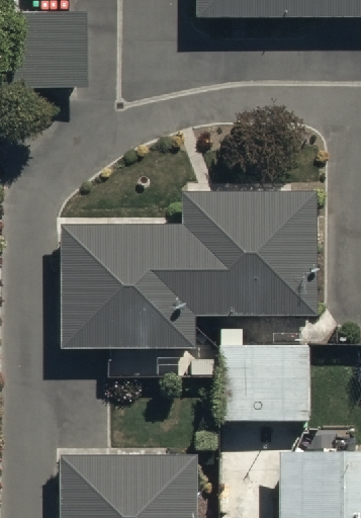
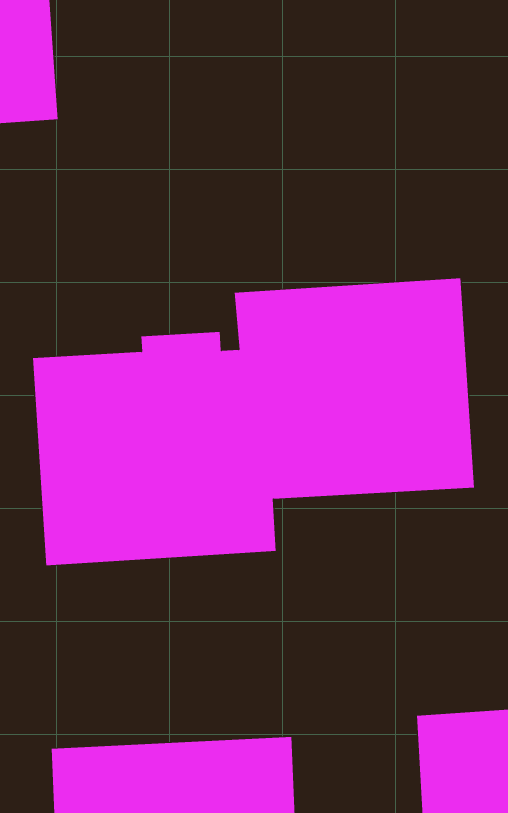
building: [221,343,308,425] -> none

